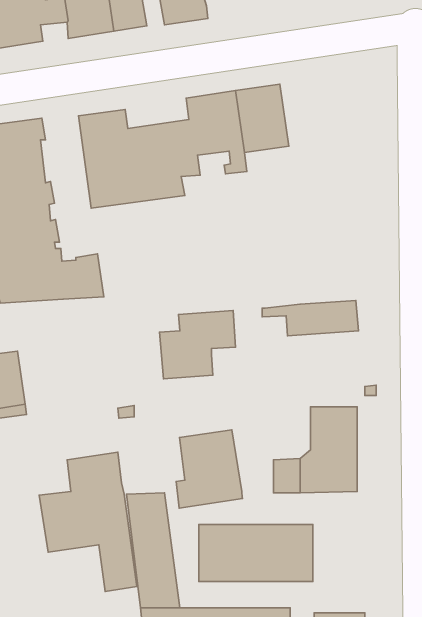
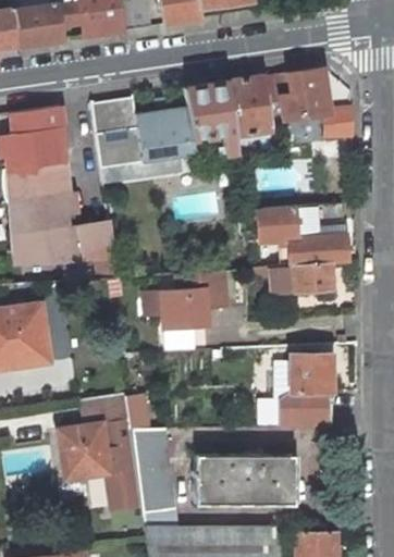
building: none -> [278,69,354,138]
building: none -> [256,205,348,267]
building: [176,430,243,508] -> none

